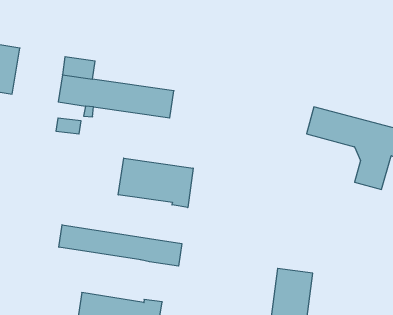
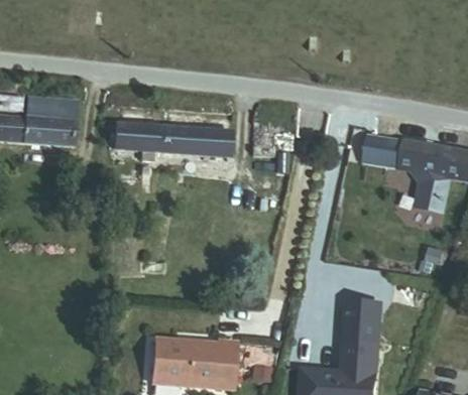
building: [118,158,193,208] -> none
building: [59,225,182,266] -> none

